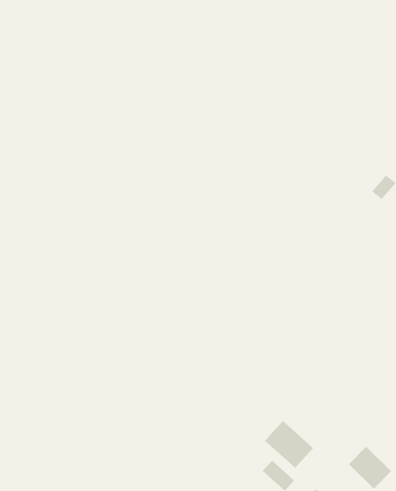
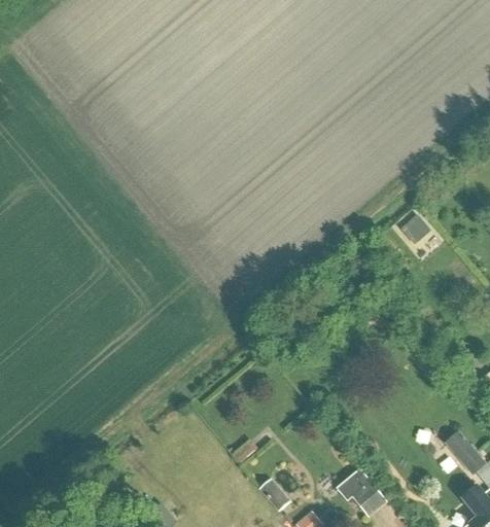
building: [264,420,314,468] -> none

